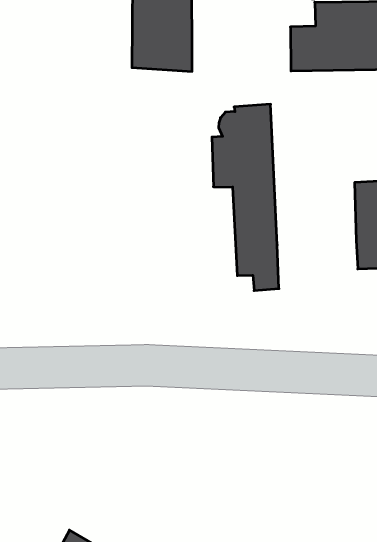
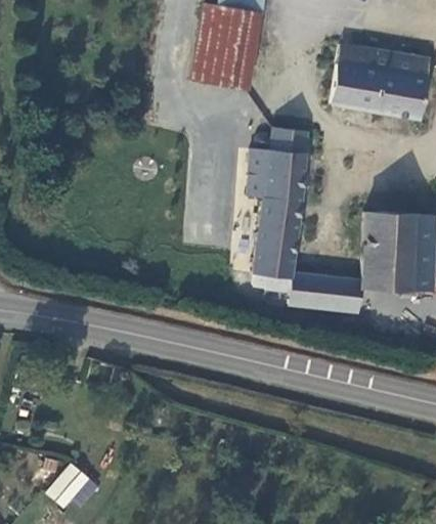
building: none -> [287,253,361,310]

